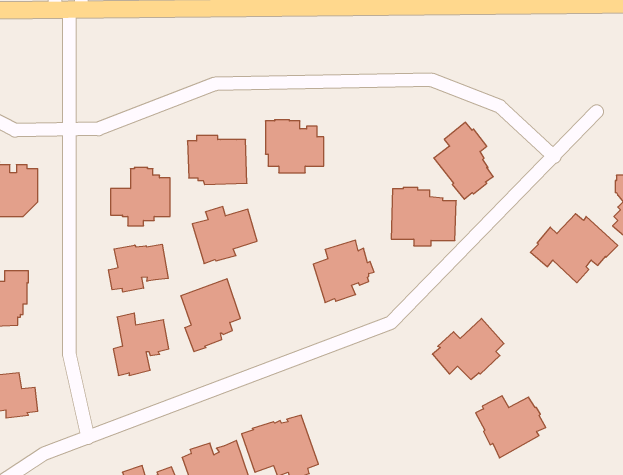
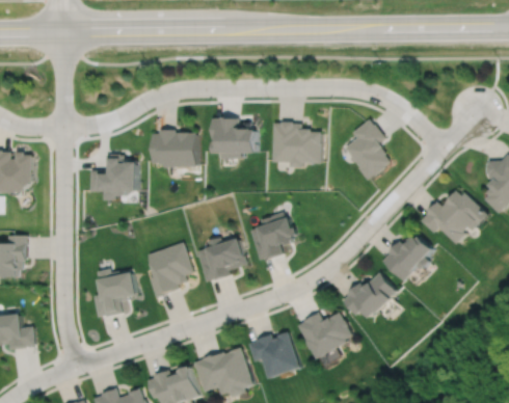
building: [391,187,456,246] -> [271,120,322,166]
building: [192,207,257,264] -> [195,237,246,281]
building: [109,244,168,292] -> none
building: none -> [382,237,434,280]
building: none -> [248,331,300,379]
building: [476,396,546,458] -> [298,312,353,360]

